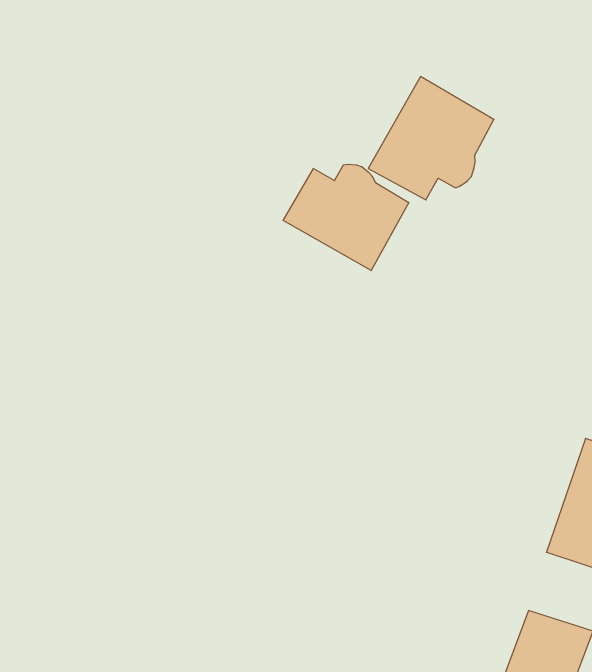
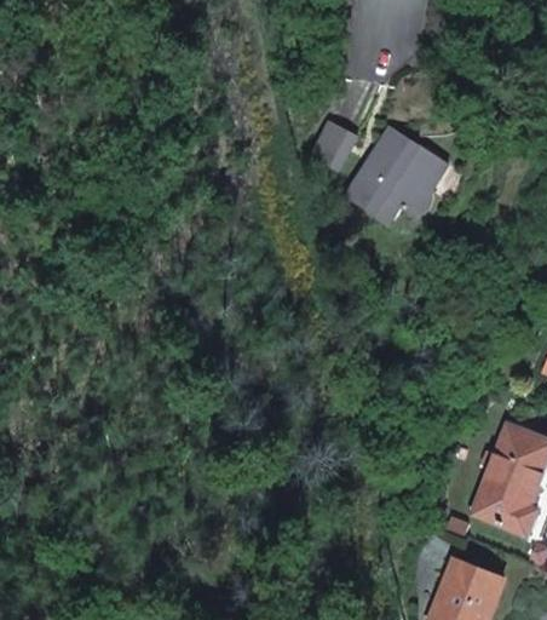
building: none -> [317,121,357,171]
building: [283,164,409,271] -> none

